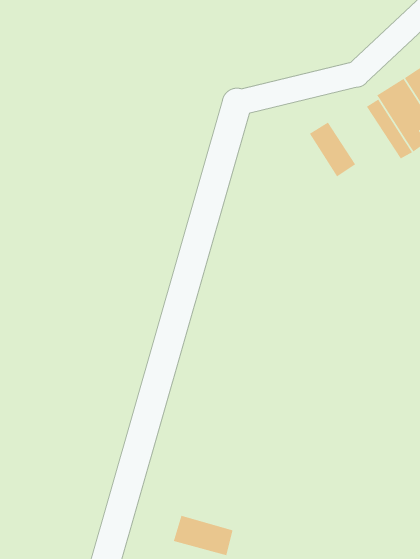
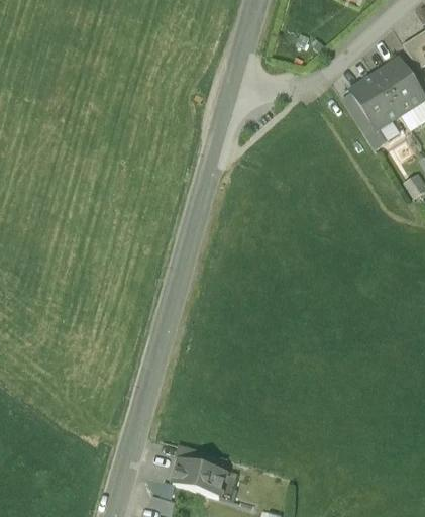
building: [309,121,356,178] -> none

